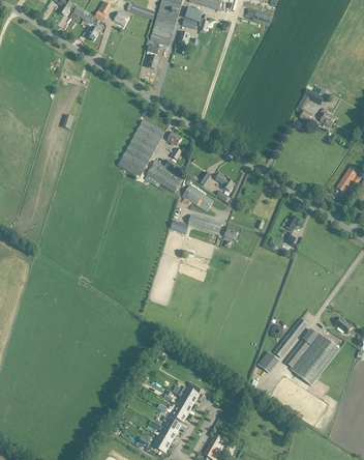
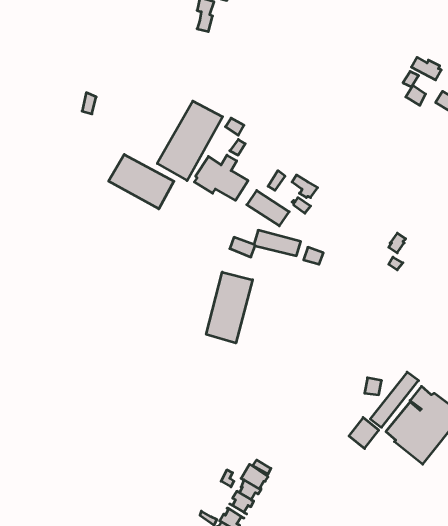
building: none -> [109,154,174,209]
building: none -> [206,272,253,343]

